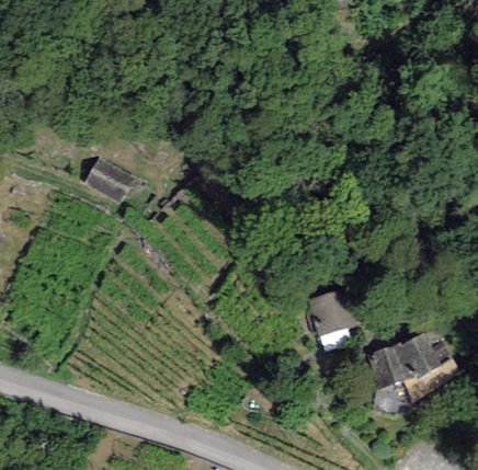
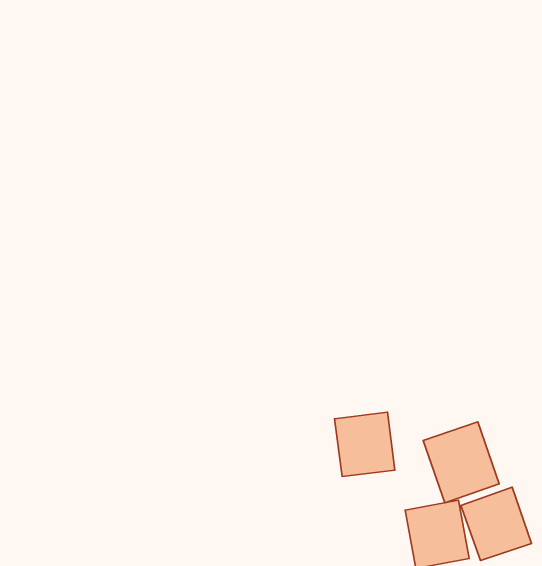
building: [87,154,140,204] -> none
building: none -> [423,422,499,503]

